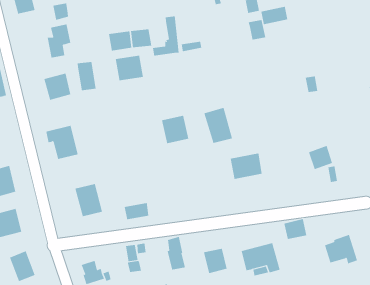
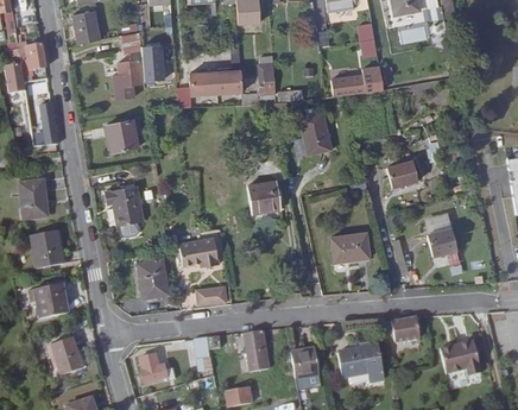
building: [261,6,288,25] -> [333,75,366,96]
building: [115,55,144,81] -> none
building: [77,61,97,91] -> [141,44,164,80]
building: none -> [387,159,419,188]
building: [203,107,233,143] -> [298,111,333,154]
building: none -> [179,236,219,266]

